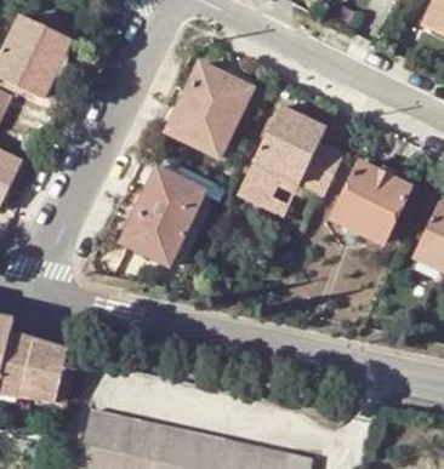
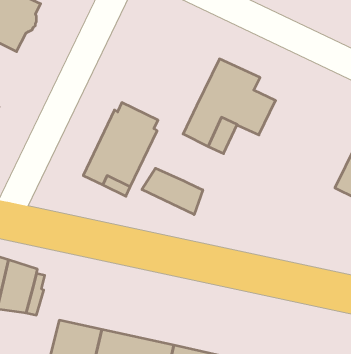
building: [167,62,252,155] -> none
building: [332,161,412,241] -> none
building: none -> [142,168,203,215]

